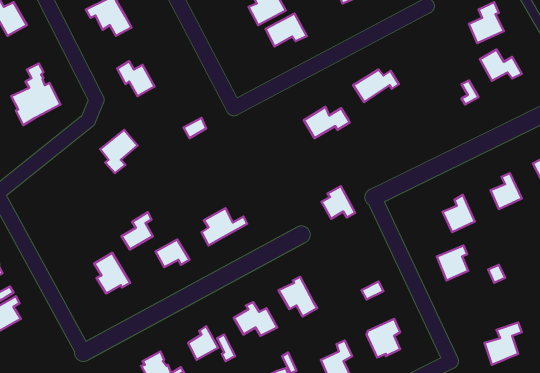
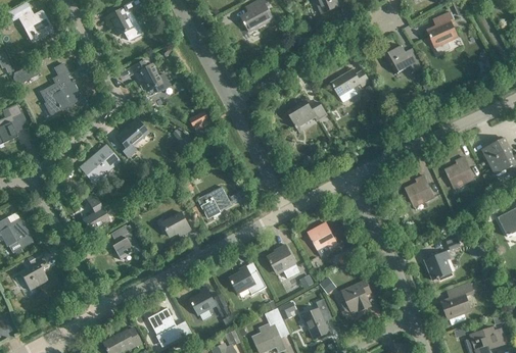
building: [265,14,307,46] -> none
building: [480,50,522,81] -> [386,47,422,73]
building: none -> [83,145,120,181]
building: [322,186,355,219] -> [309,222,337,250]
building: [121,212,153,250] -> [82,200,108,232]
building: [437,246,468,281] -> [424,251,451,281]

